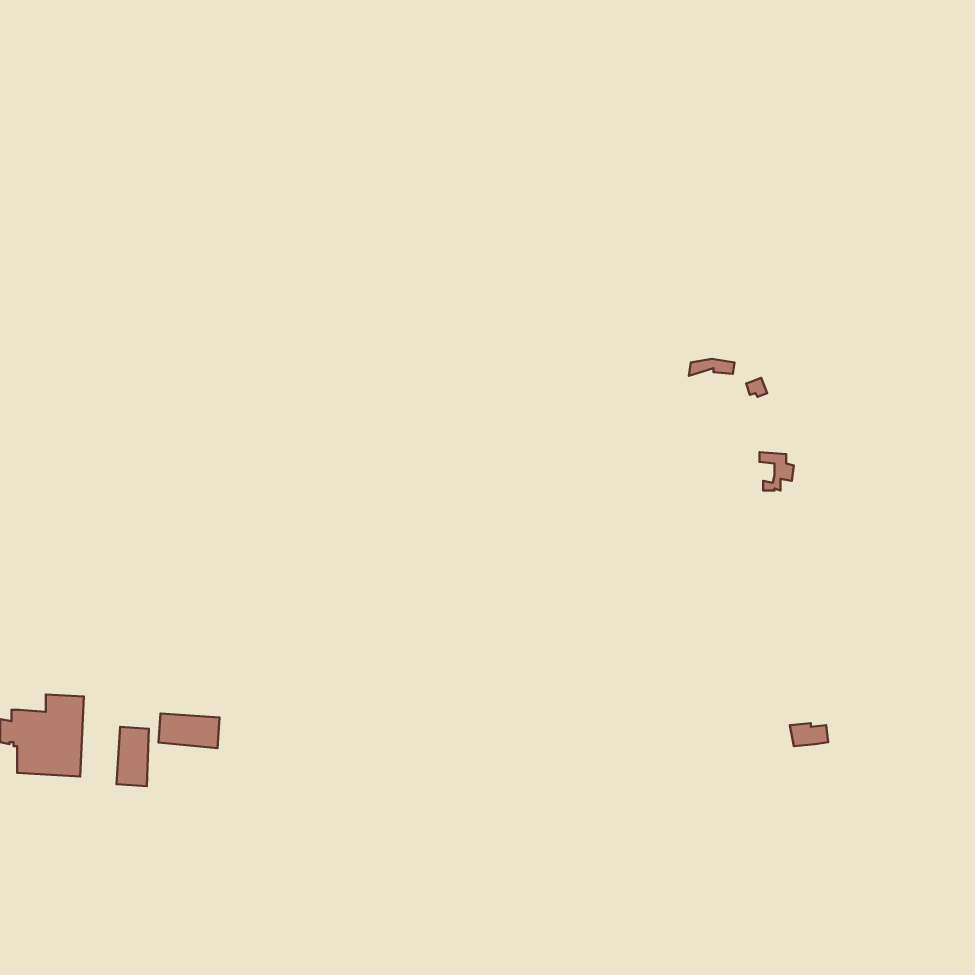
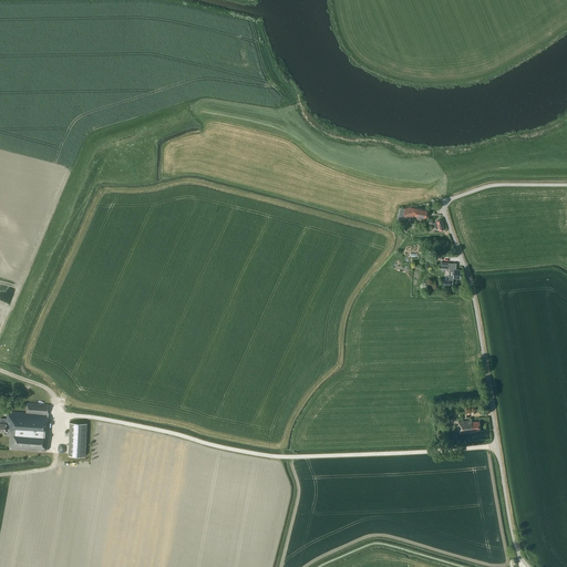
building: [159,713,220,748] -> none

